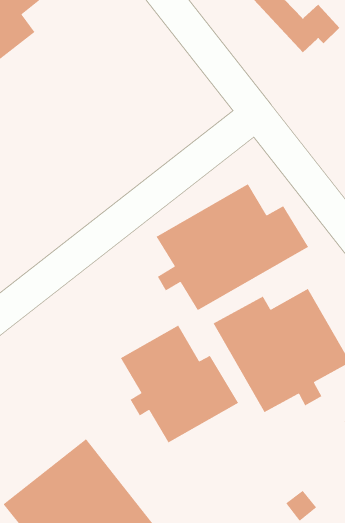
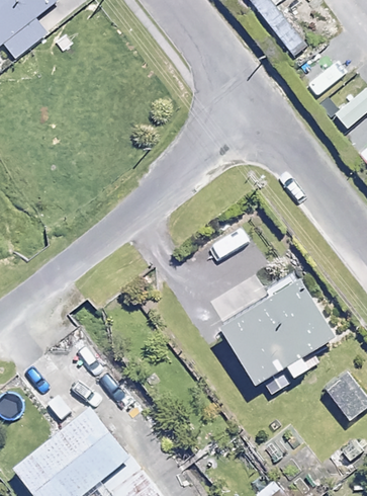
building: [156,183,309,311] -> none
building: [120,324,239,444] -> none

